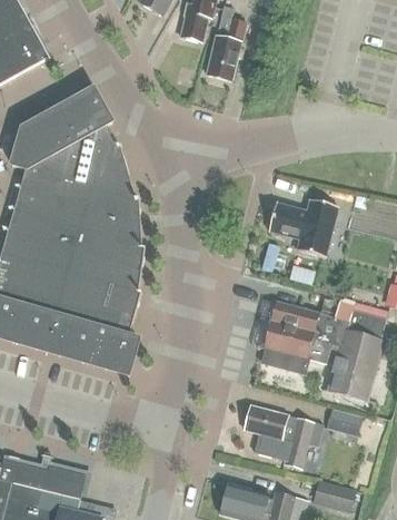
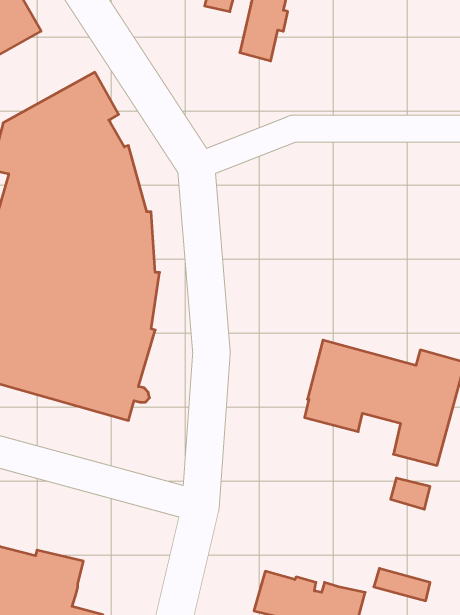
building: [268,199,338,258] -> none
building: [244,405,322,469] -> none

